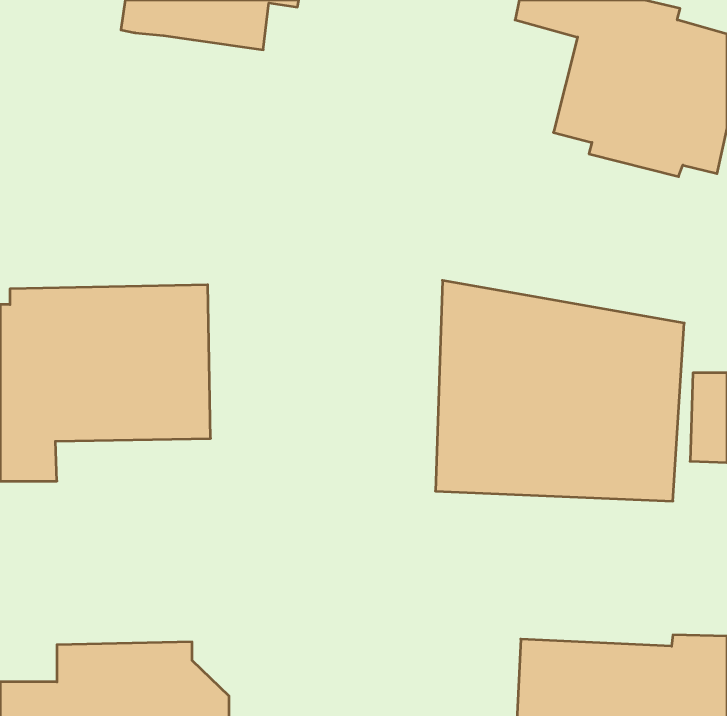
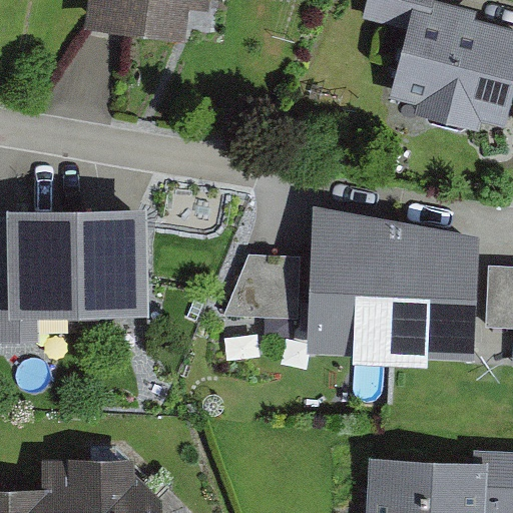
building: none -> [223,259,302,324]

